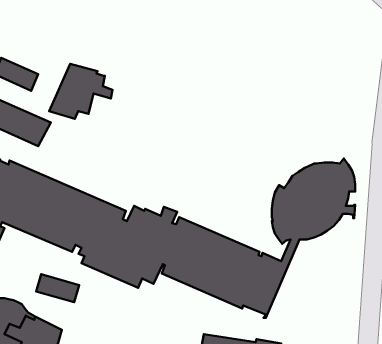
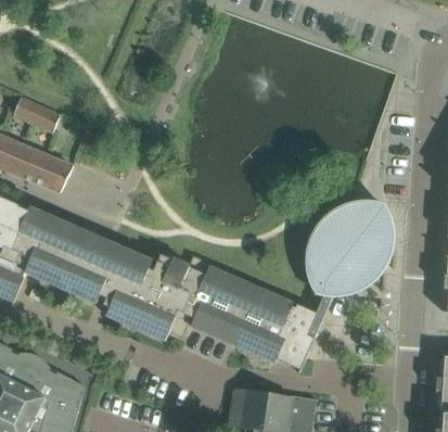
building: [49,64,113,119] -> none
building: [36,274,79,302] -> none

